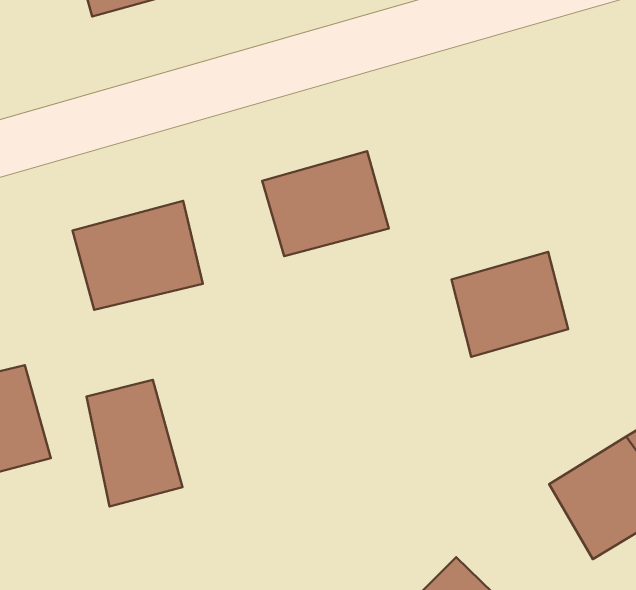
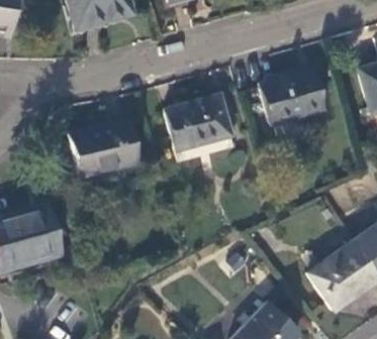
building: [451,252,568,357] -> [263,71,322,124]
building: [86,380,182,506] -> none

